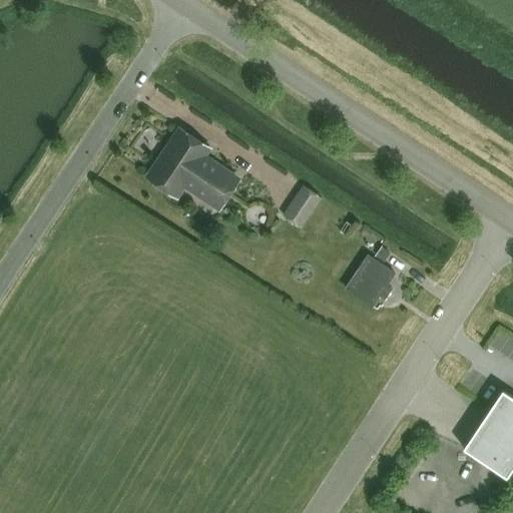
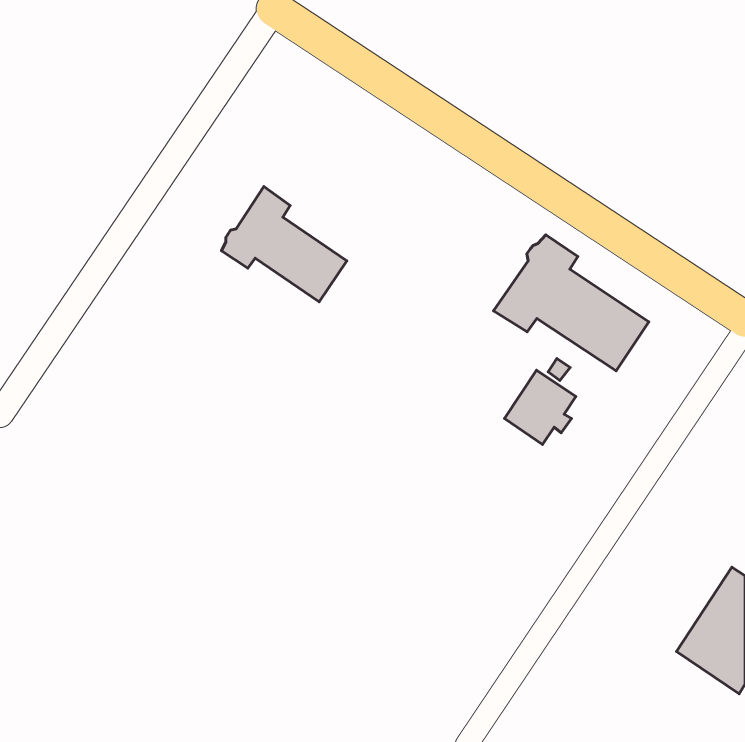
building: none -> [494,235,649,371]
building: [283,185,323,228] -> none

